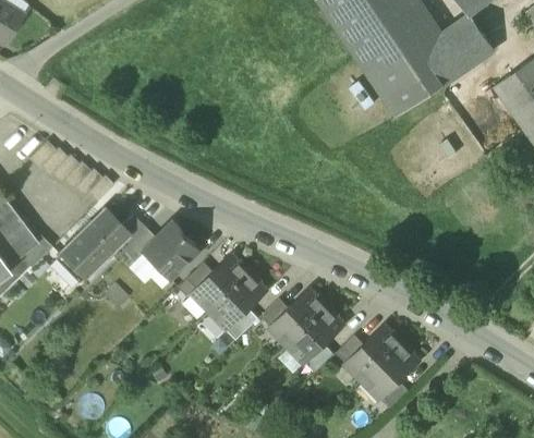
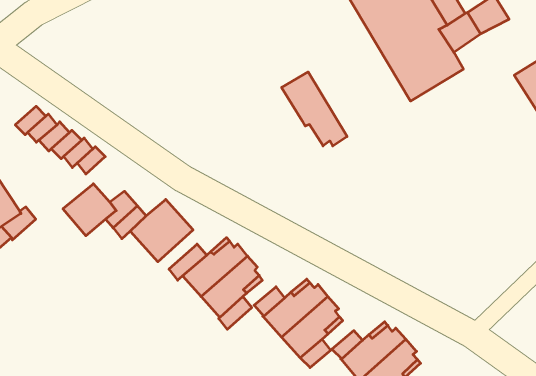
building: [435,36,495,85] -> none
building: none -> [282,72,347,146]
building: [59,236,99,278] -> none

